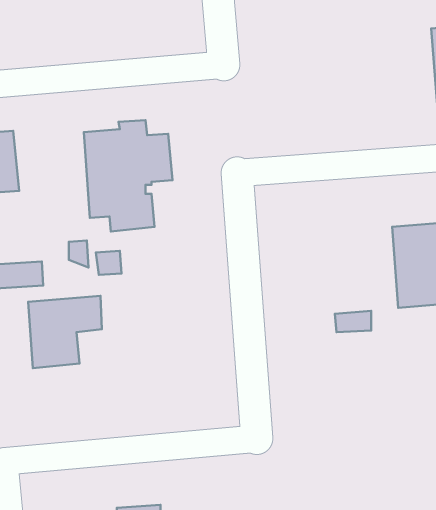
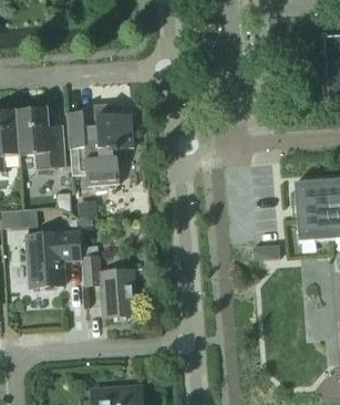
building: none -> [16,107,64,168]
building: none -> [82,256,136,316]

